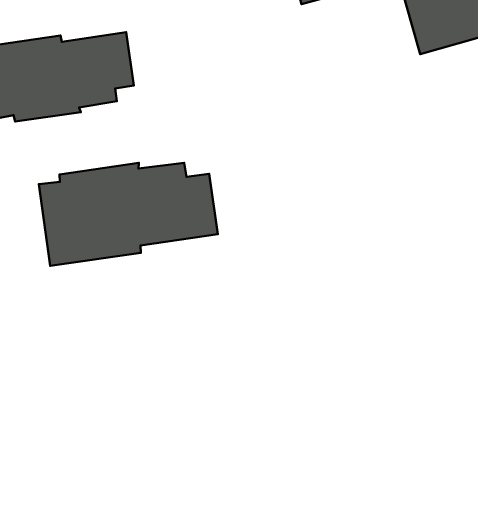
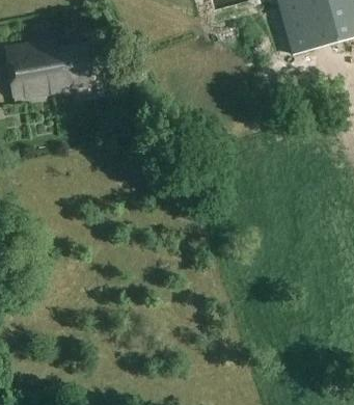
building: [39,163,218,266] -> none

